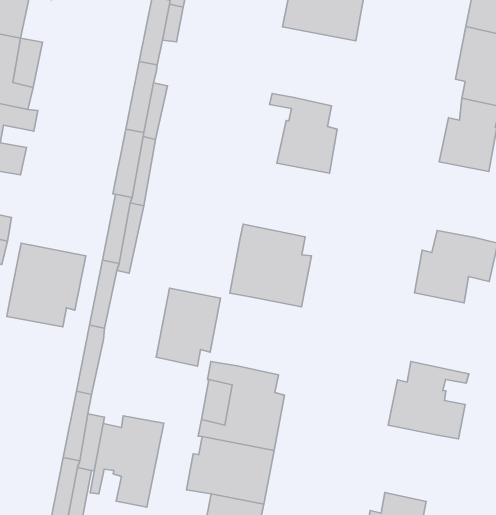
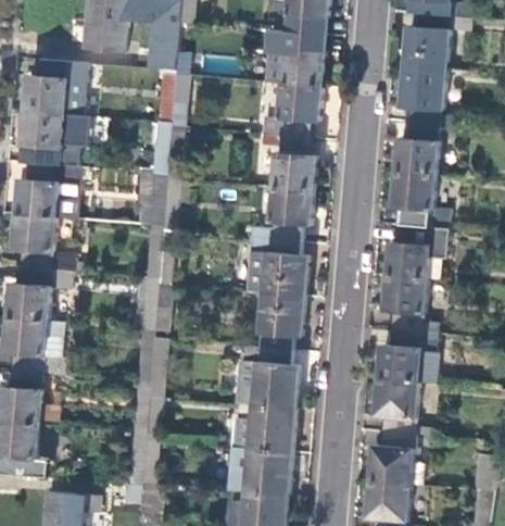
building: none -> [262,82,321,137]
building: none -> [394,171,435,226]
building: none -> [248,186,313,240]
building: [7,243,86,327] -> none
building: [156,288,221,366] -> [258,291,303,349]
building: none -> [386,274,438,331]
building: [90,416,164,507] -> none
building: none -> [377,378,419,434]

